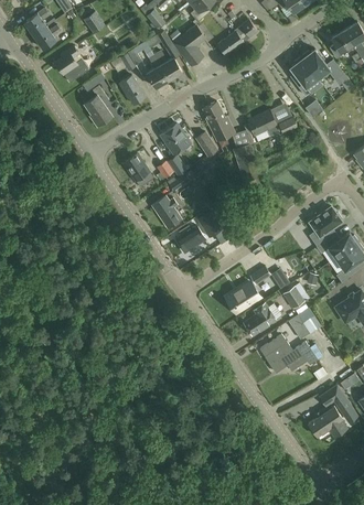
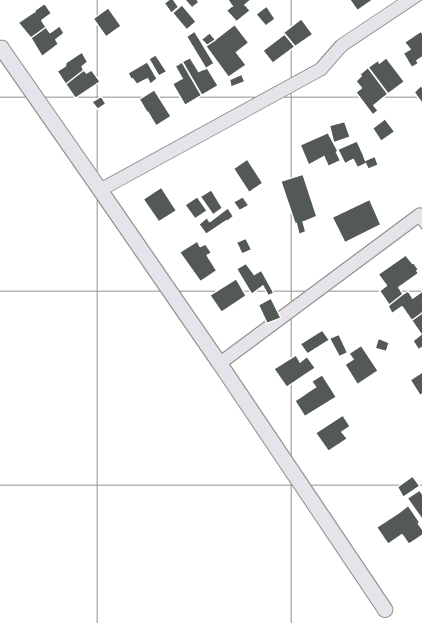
building: [84,86,111,127] -> none
building: [203,101,234,148] -> none
building: [160,123,190,154] -> none
building: [289,308,321,339] -> none
building: [269,342,317,373] -> none

